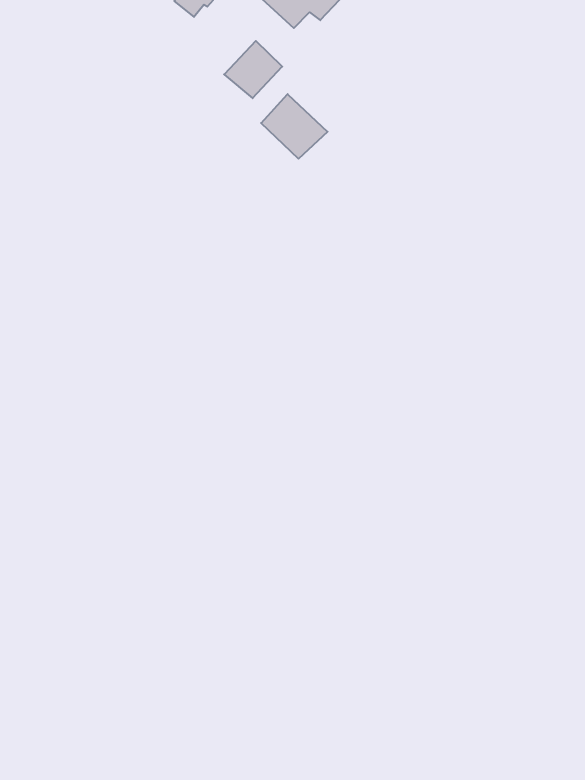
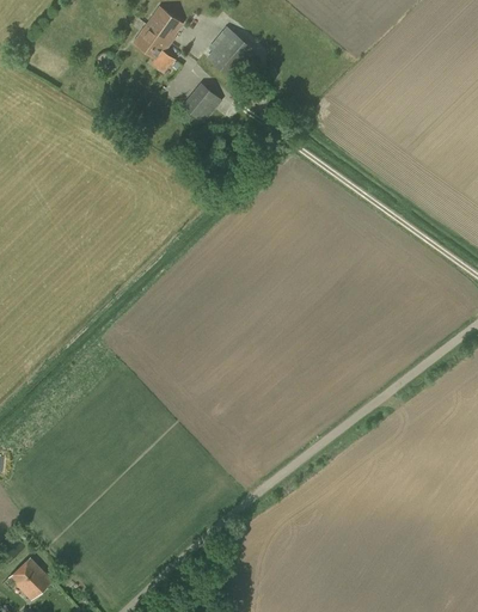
building: [261,94,328,159] -> none

